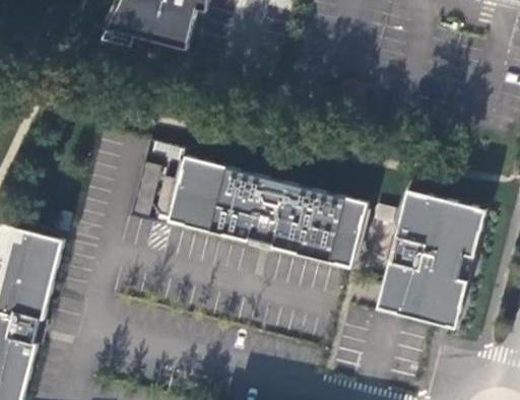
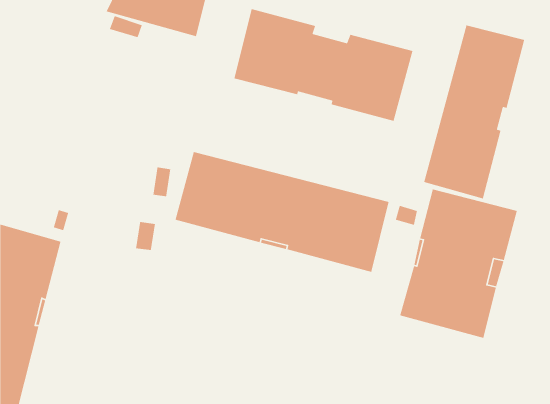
building: none -> [234,8,414,122]
building: none -> [423,24,525,199]

